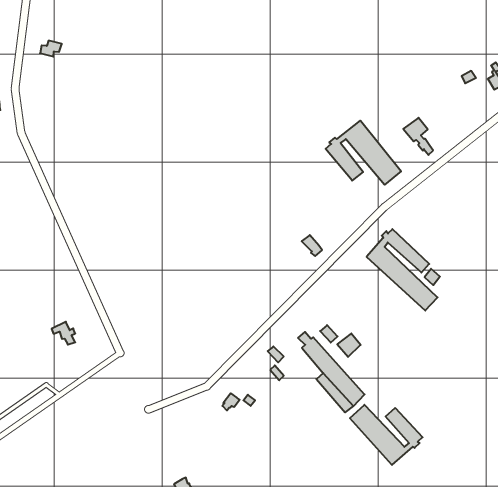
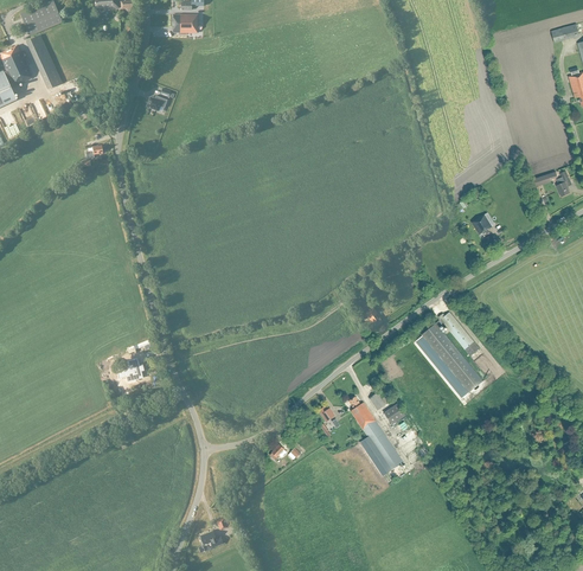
building: [326,121,401,185] -> none
building: [350,405,423,465] -> none

